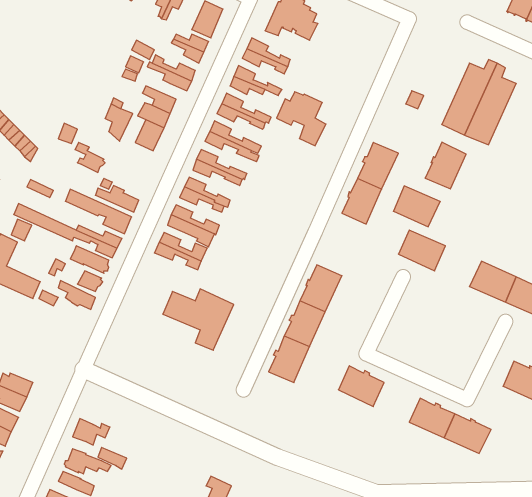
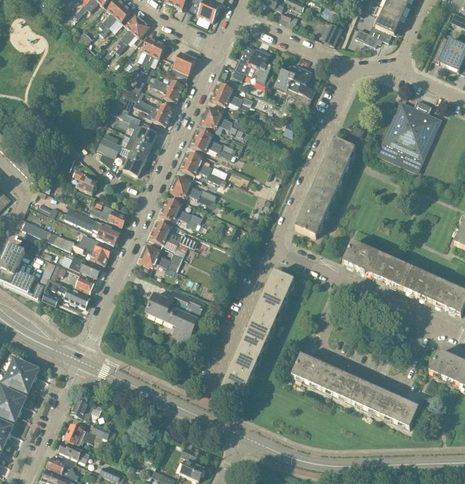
building: [277,92,326,146] -> [274,63,315,108]
building: [425,142,466,189] -> [321,138,355,177]
building: [393,186,440,227] -> [372,254,411,288]
building: none -> [221,359,255,397]
building: none -> [321,368,360,401]

